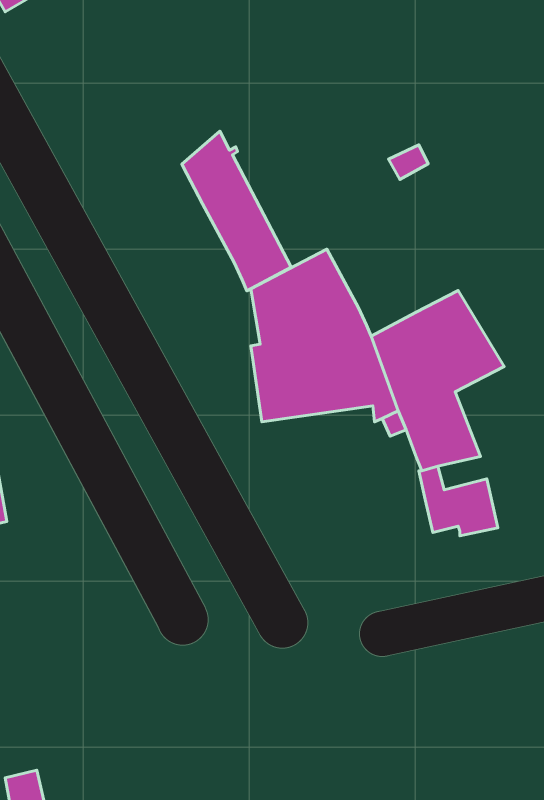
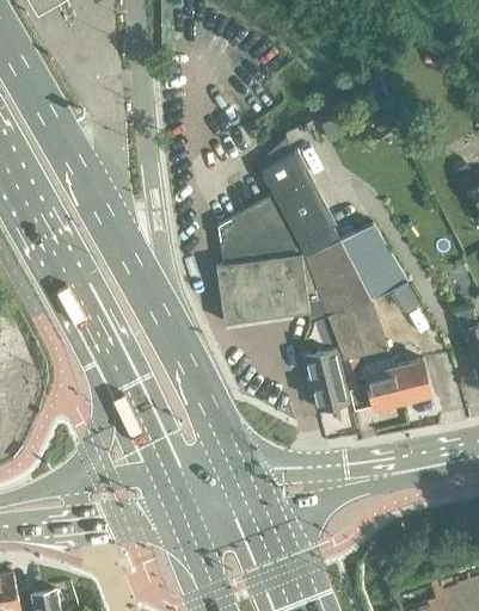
building: [182,131,291,291] -> [259,140,342,260]
building: none -> [305,350,351,411]
building: none -> [393,358,431,405]

